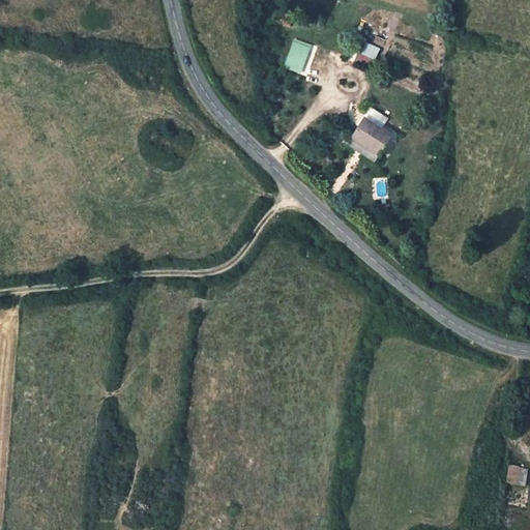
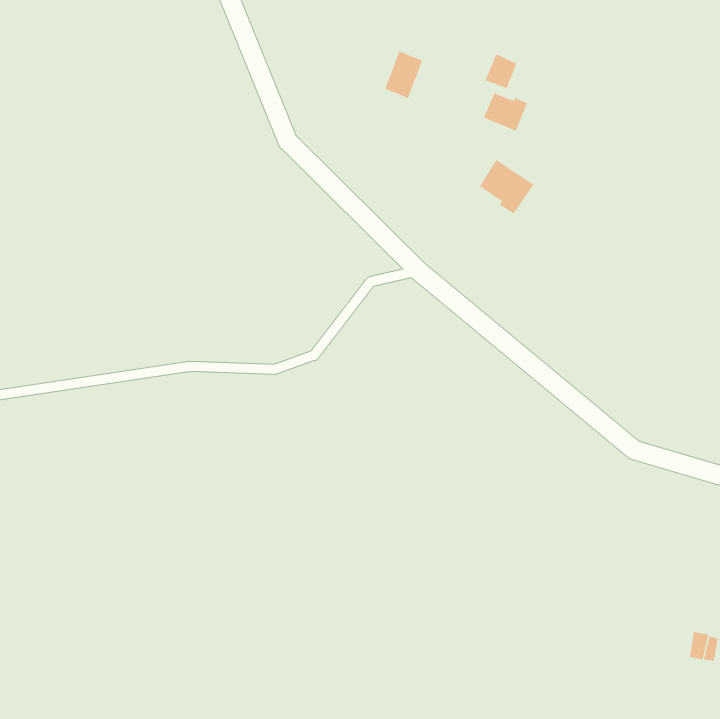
building: none -> [483,93,528,132]

